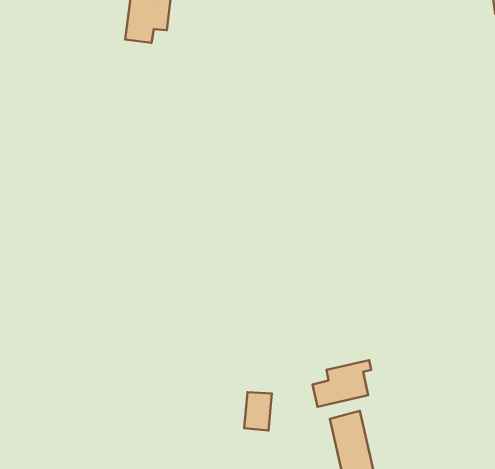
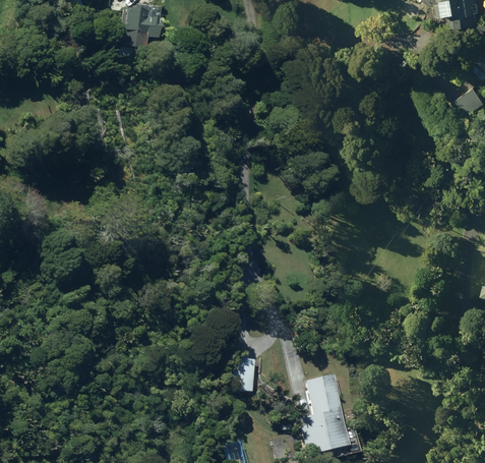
building: [312,360,371,407] -> none

